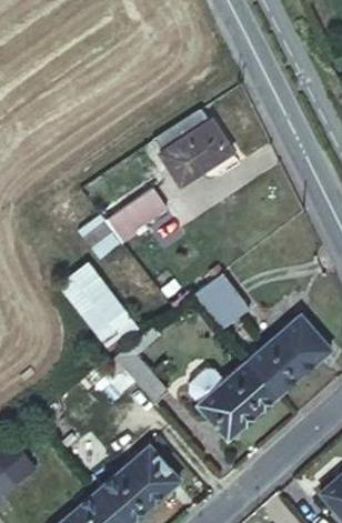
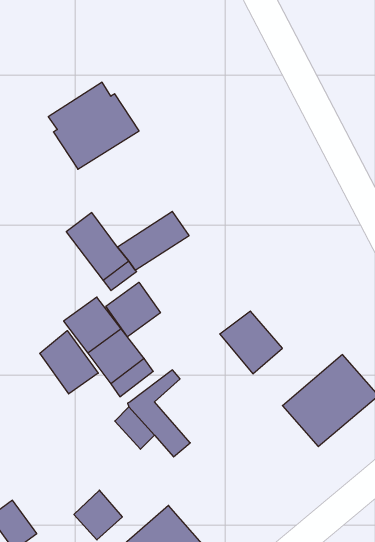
building: [155,111,234,187] -> [48,82,139,169]
building: none -> [106,282,160,337]
building: none -> [40,331,98,394]
building: [190,359,280,440] -> none

